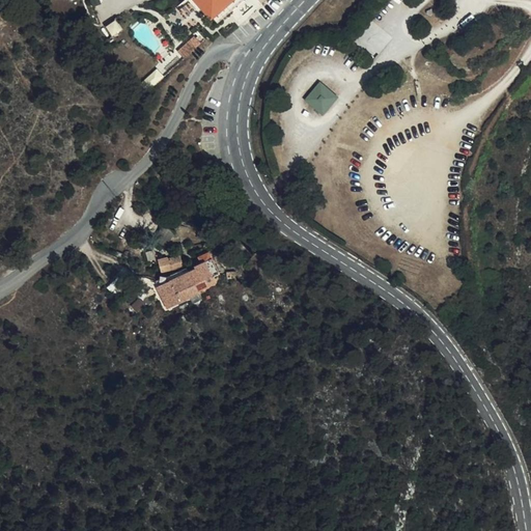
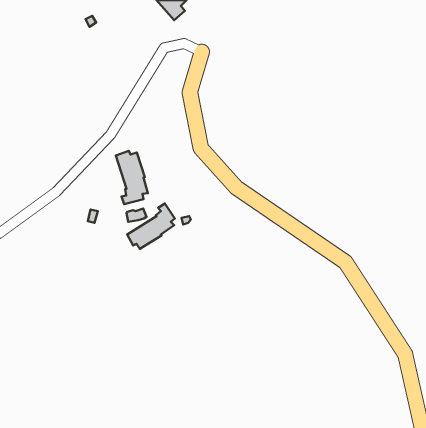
building: [302,79,336,113] -> none
building: none -> [116,151,148,204]

